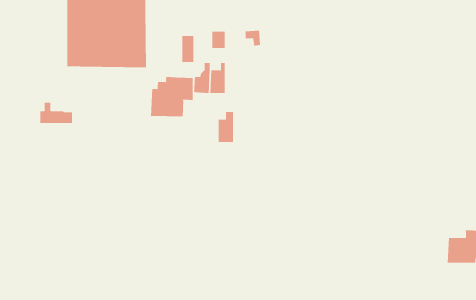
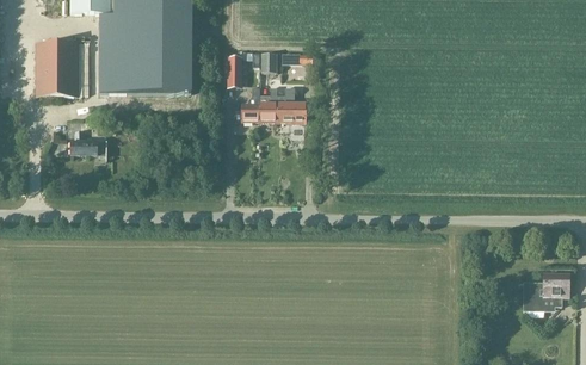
building: none -> [38,42,80,94]
building: [150,76,193,117] -> none
building: [218,112,234,143] -> [278,86,296,120]

